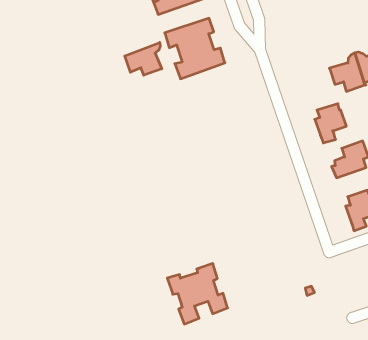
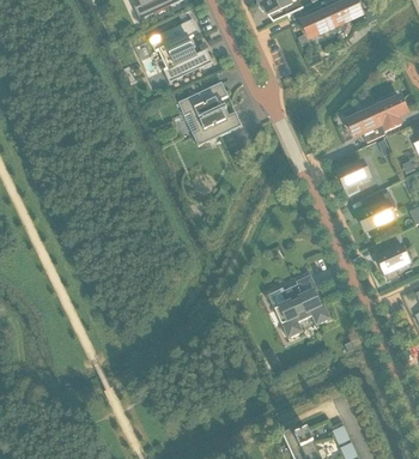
building: [125,42,162,75] -> none
building: [167,264,228,324] -> [266,272,329,336]

